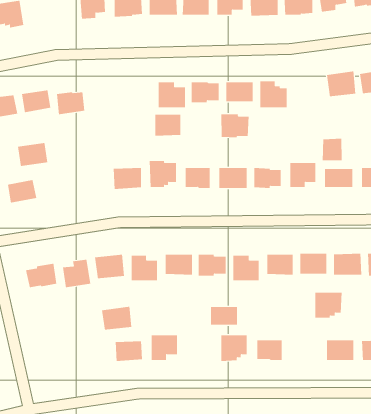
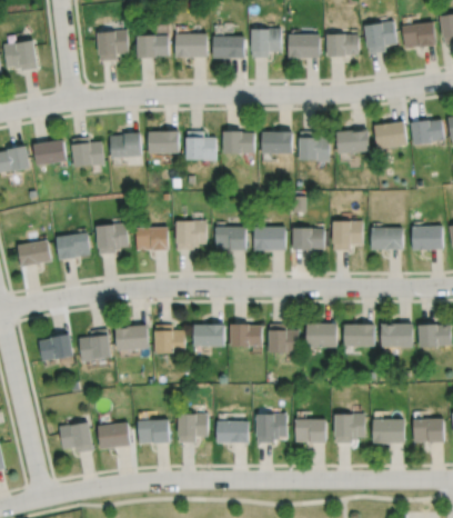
building: none -> [336,130,370,153]
building: none -> [109,131,142,158]
building: [221,114,249,138] -> none
building: [154,114,181,136] -> [149,129,179,153]
building: [322,138,342,161] -> none
building: [17,143,48,167] -> [57,232,91,259]
building: none -> [95,223,128,255]
building: [315,292,342,318] -> [334,414,365,442]
building: [101,306,132,330] -> [97,421,131,448]
building: [210,306,238,325] -> [217,421,248,442]
building: none -> [59,422,92,454]

